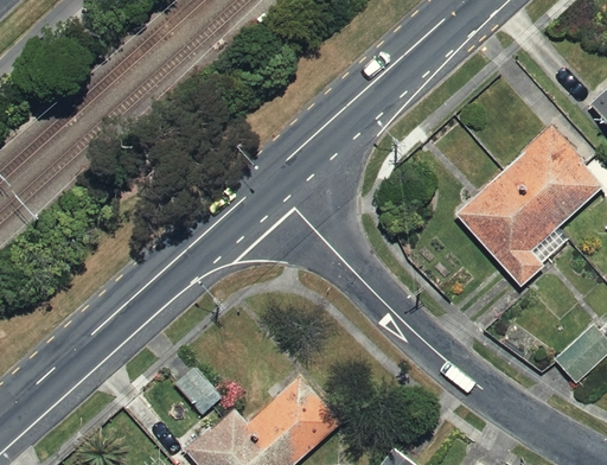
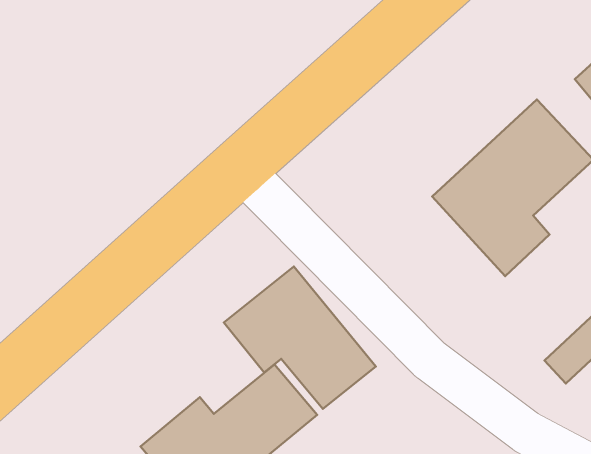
building: none -> [224,267,376,409]

